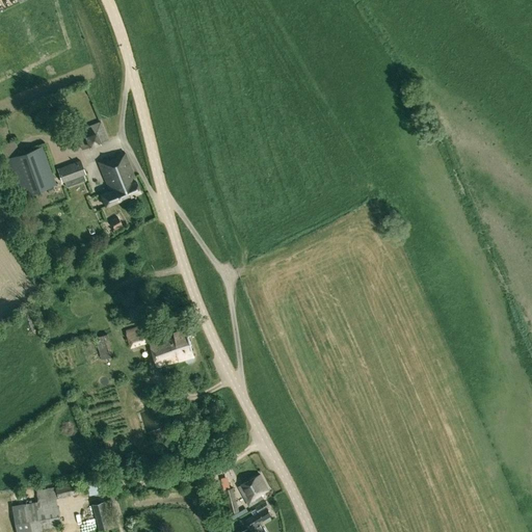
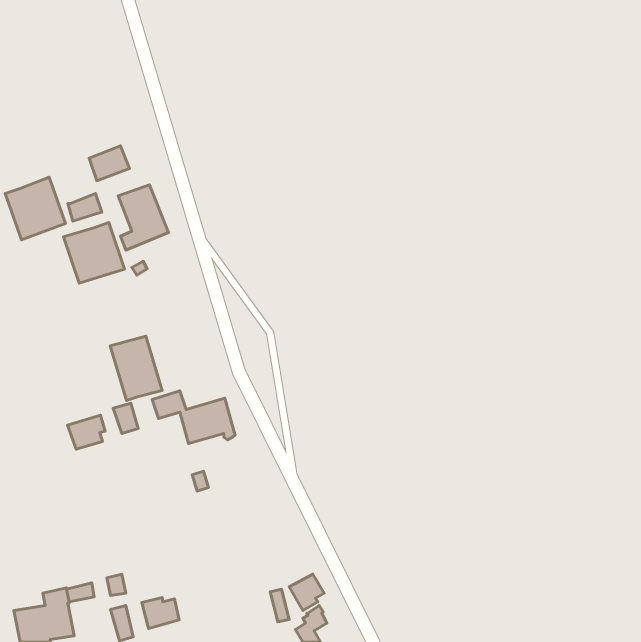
building: none -> [64,222,124,283]
building: none -> [110,336,162,400]
building: none -> [68,415,105,449]
building: none -> [142,597,179,629]

